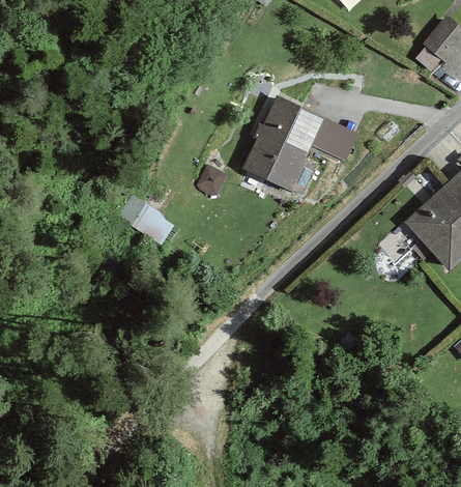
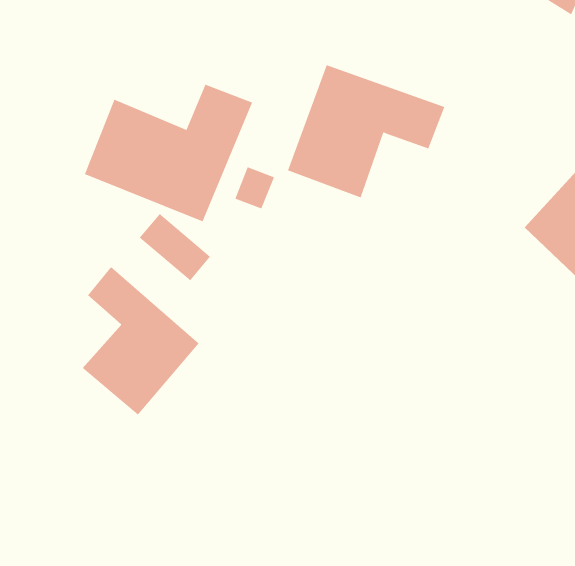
building: none -> [84,84,253,222]
building: none -> [82,266,200,416]

